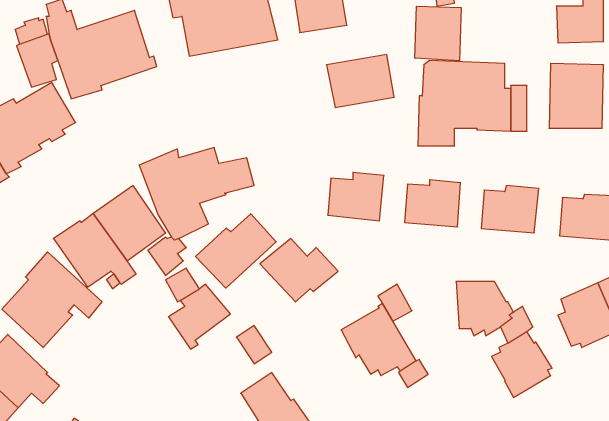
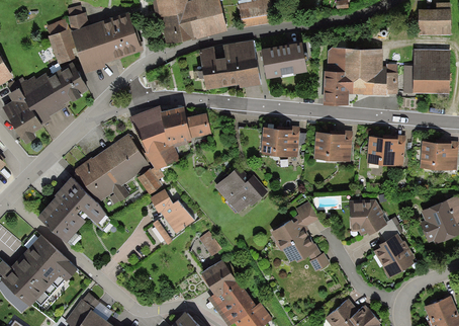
building: [415,6,461,61] -> none
building: none -> [197,39,260,89]
building: [196,214,276,288] -> none

